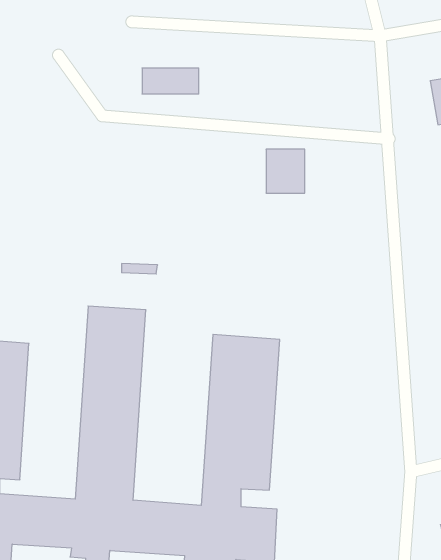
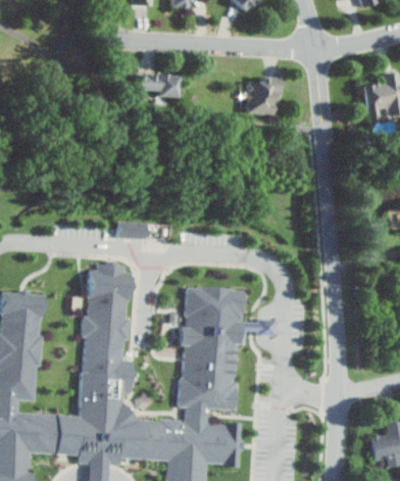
building: [266,149,305,193] -> [246,79,277,113]

